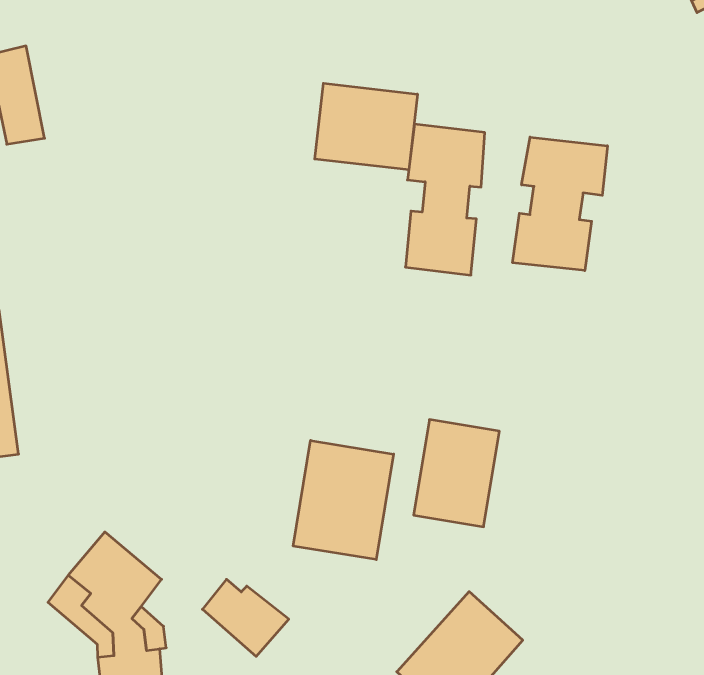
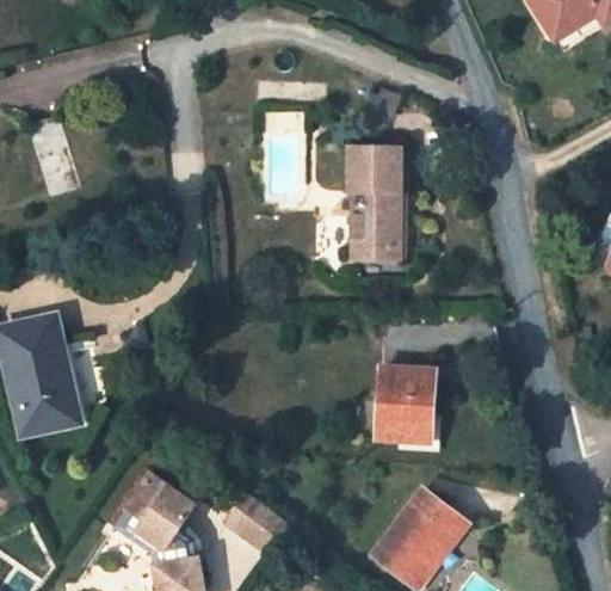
building: [315,83,417,170] -> none
building: [513,137,607,271] -> none
building: [293,440,394,560] -> none

